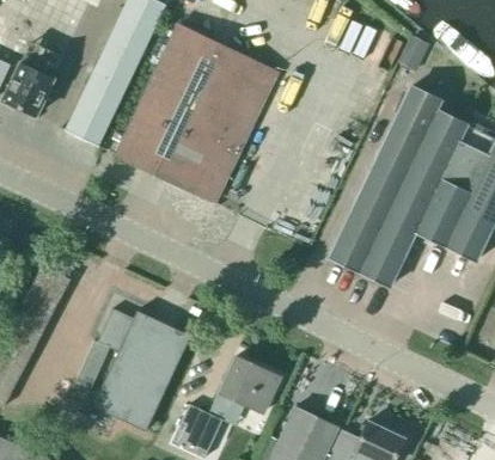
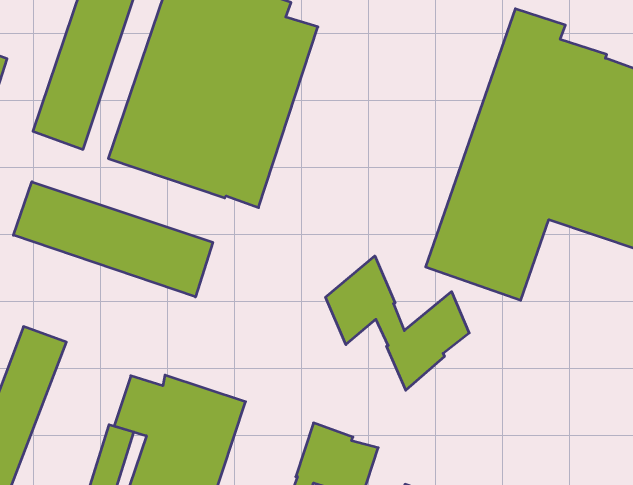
building: none -> [13,182,213,297]
building: none -> [326,256,469,390]

